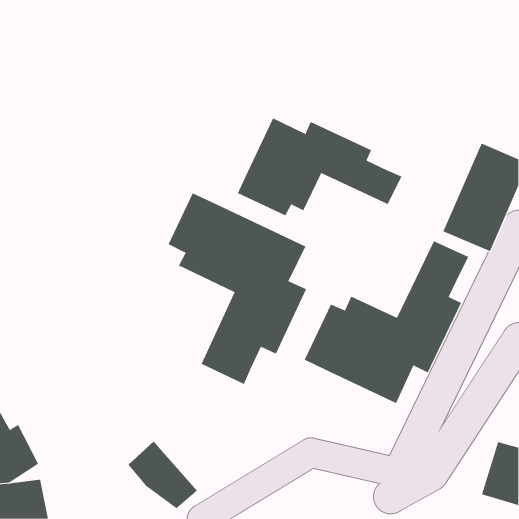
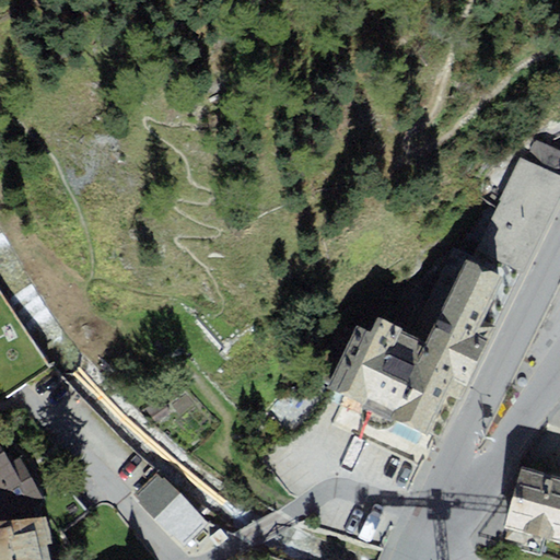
building: [237,117,402,216] -> none
building: [168,192,307,385] -> none

